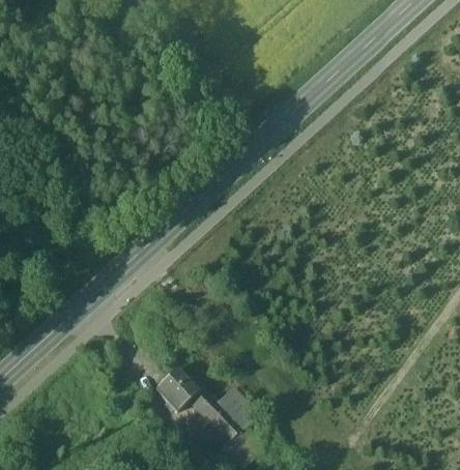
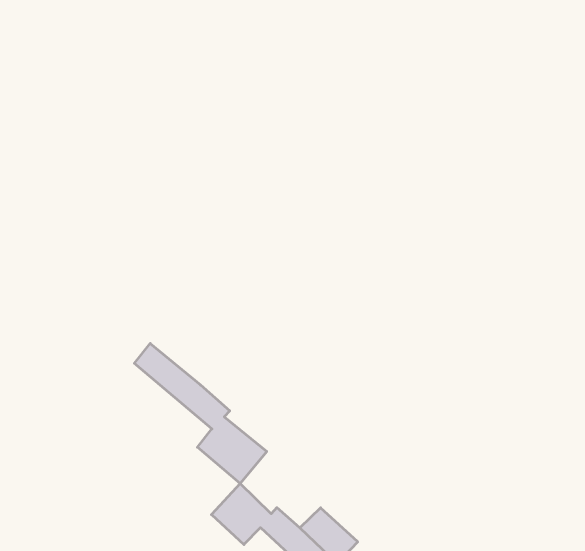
building: none -> [134,343,267,484]

